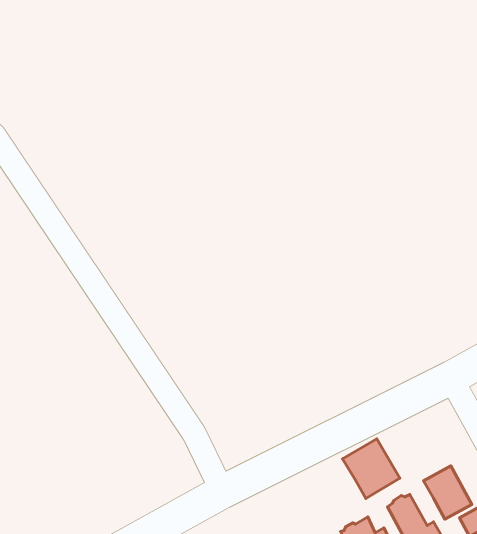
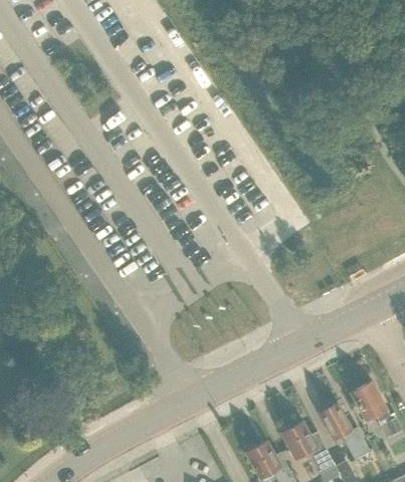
building: [343,439,400,498] -> none

